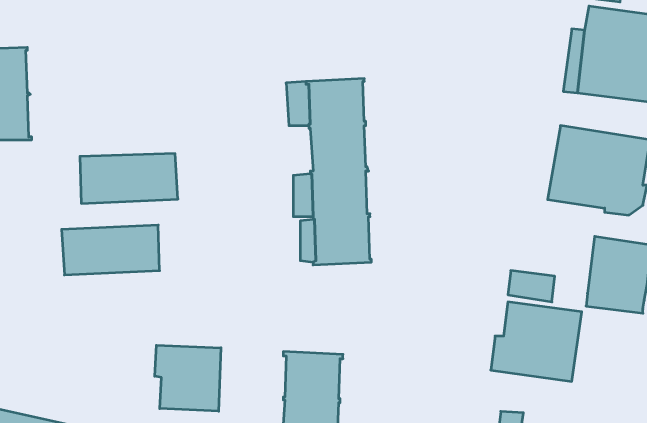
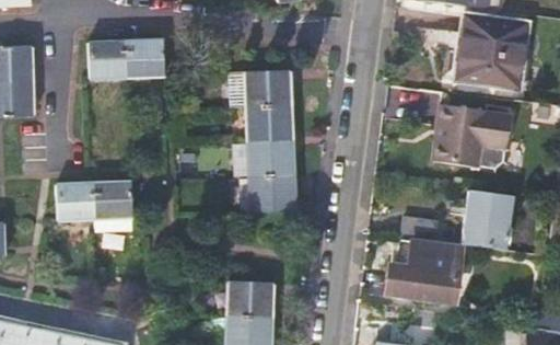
building: [80,154,178,203] -> [90,39,165,78]
building: [155,345,221,411] -> none

